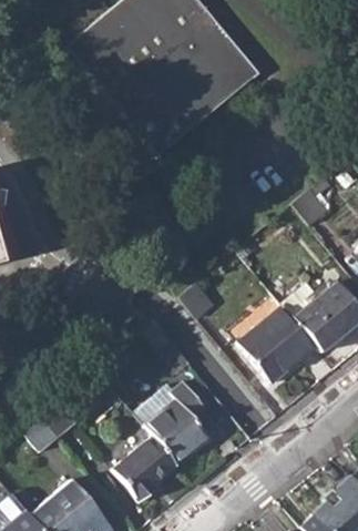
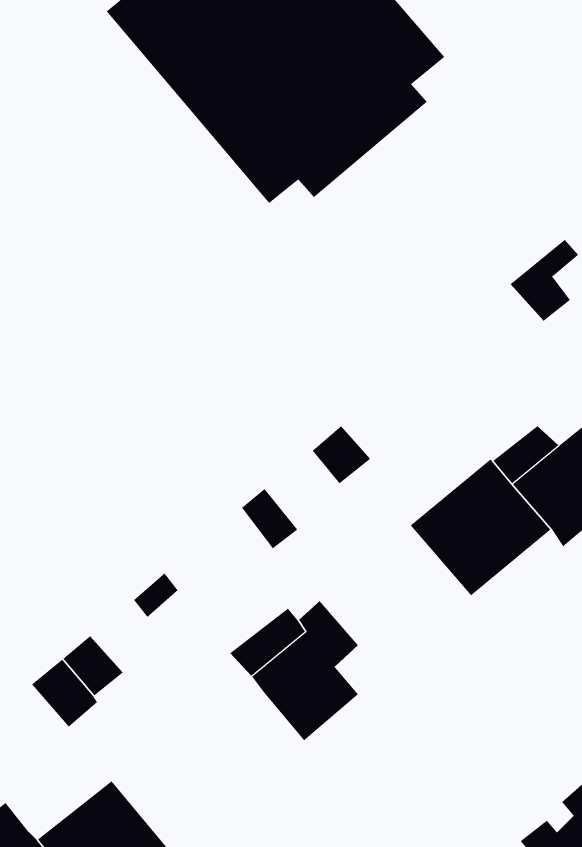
building: [119,430,184,499] -> none

